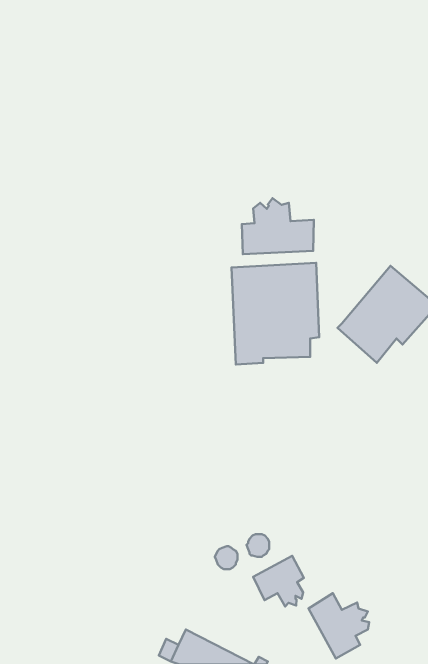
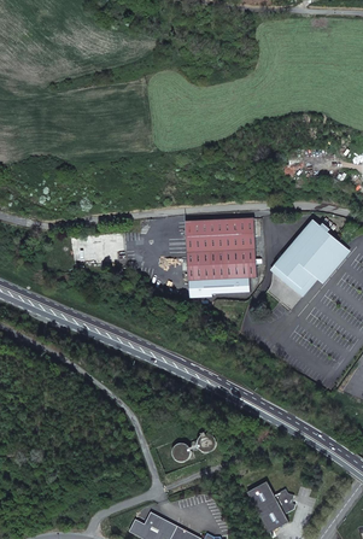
building: [242,198,314,254] -> none
building: [253,556,304,606] -> none

